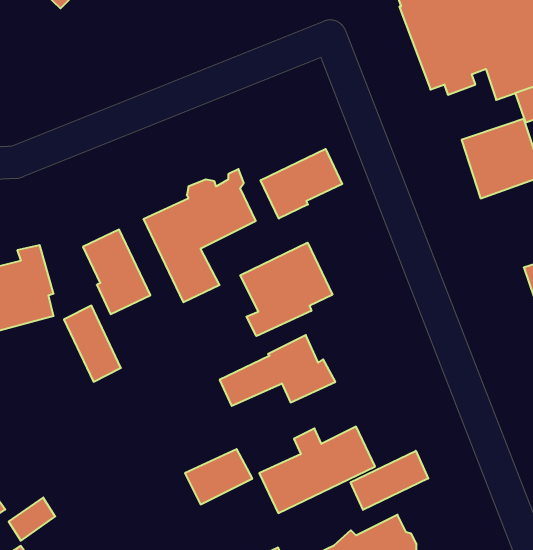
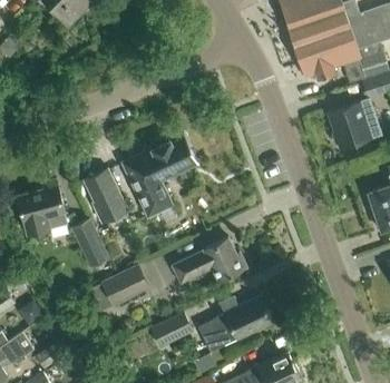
building: [261,149,342,219] -> none
building: [240,243,332,336] -> none
building: none -> [88,265,147,311]
building: [351,451,428,510] -> none

